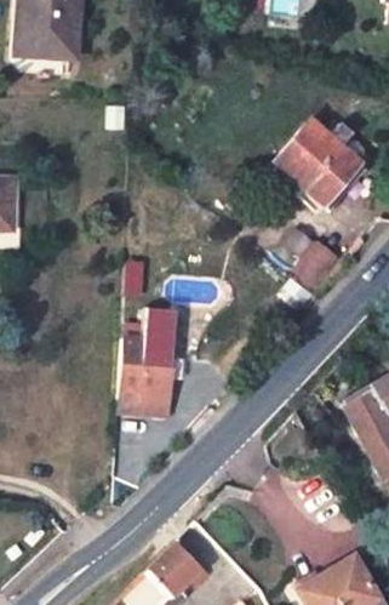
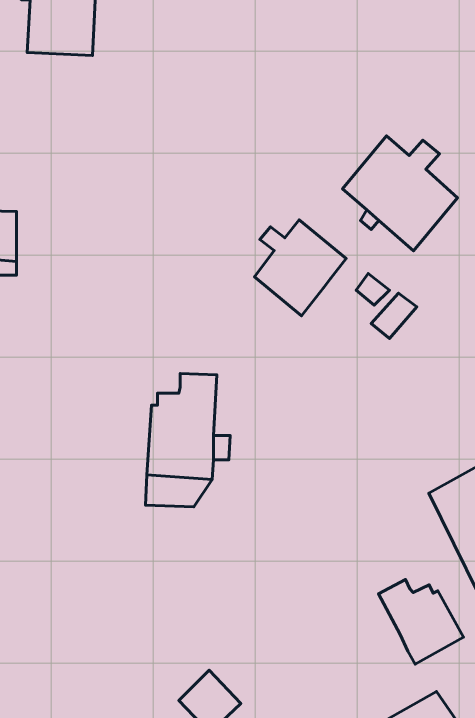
building: none -> [255,220,346,316]
building: none -> [378,579,463,664]

